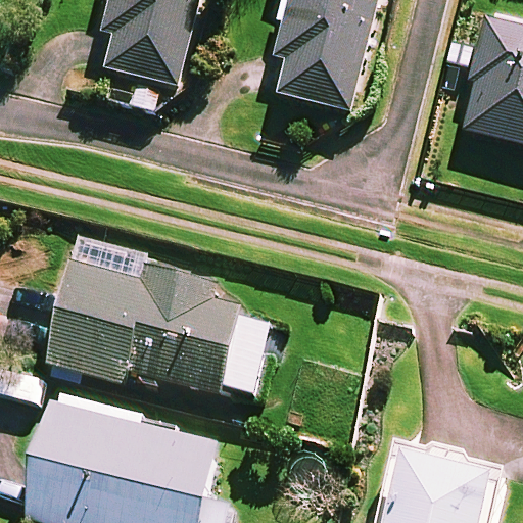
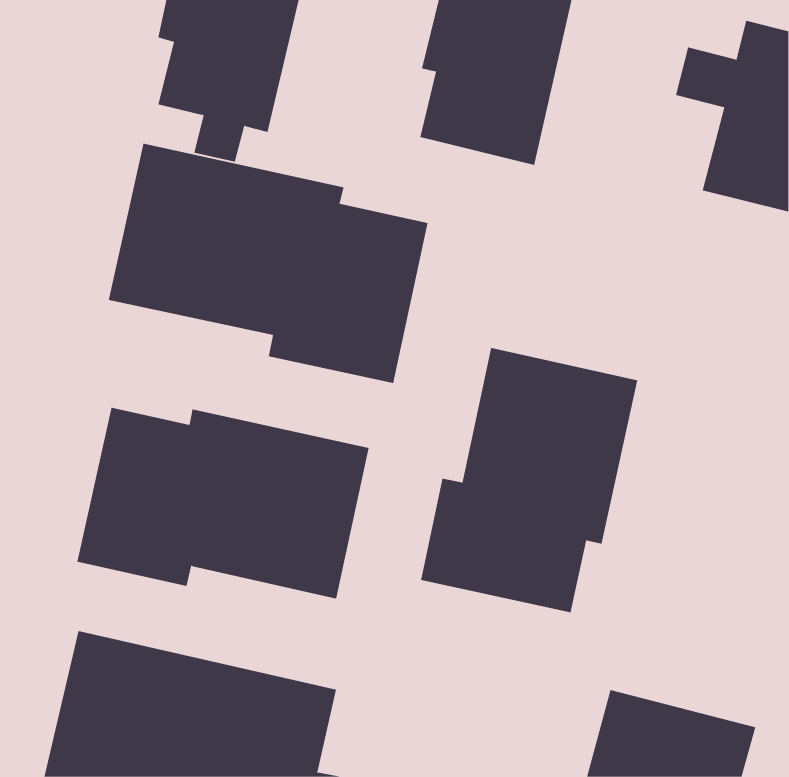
building: none -> [108,143,428,384]
building: none -> [420,347,638,613]

